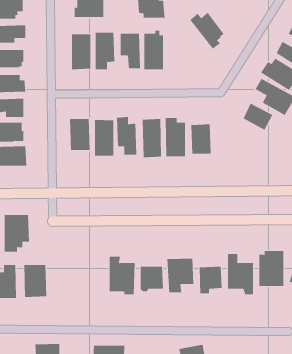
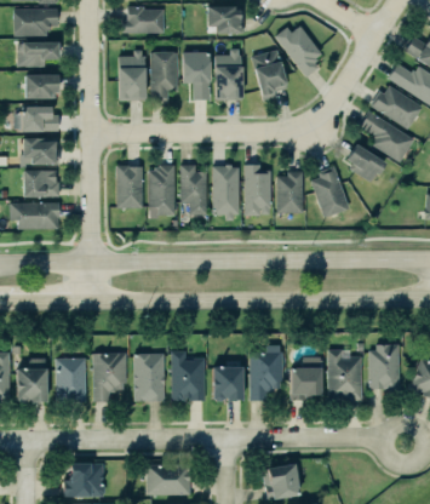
building: none -> [254,51,287,101]
building: none -> [311,166,350,218]
building: [4,215,30,252] -> [91,349,125,399]
building: none -> [132,349,165,399]

